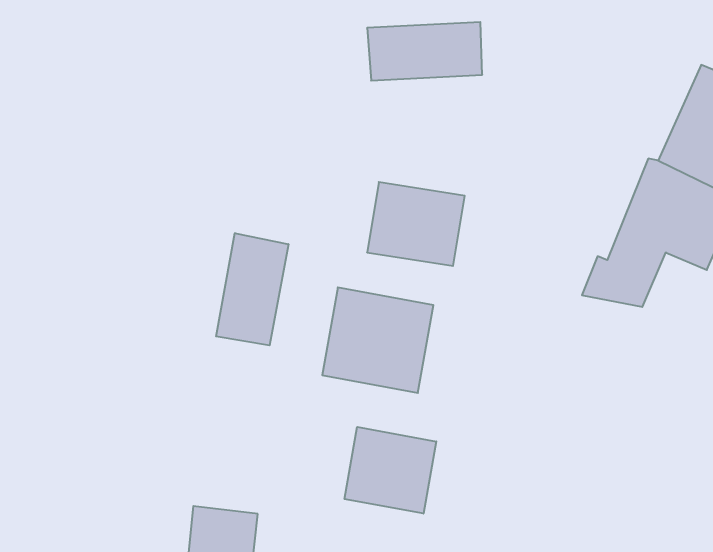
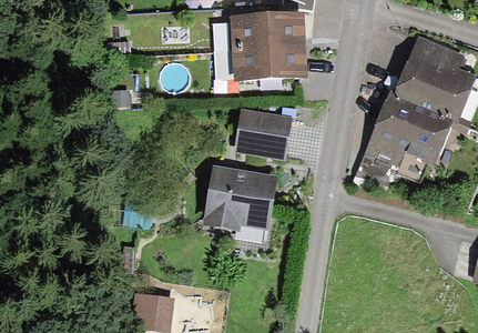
building: none -> [214,47,302,79]
building: [216,233,288,345] -> none
building: [345,427,436,514] -> none

